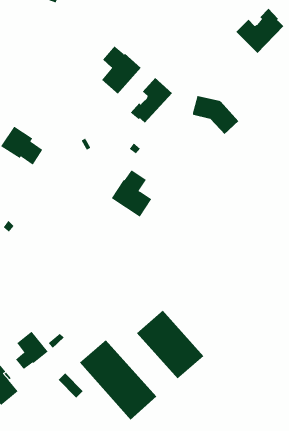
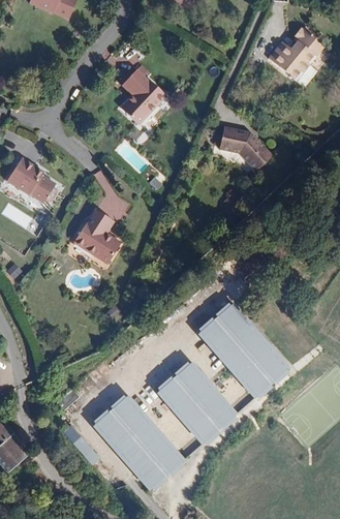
building: [130,77,173,124] -> none
building: [111,170,152,218] -> [73,207,120,261]
building: none -> [198,306,286,397]
building: [15,331,49,370] -> none

